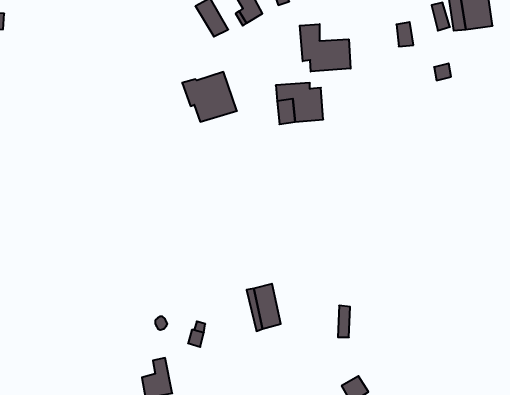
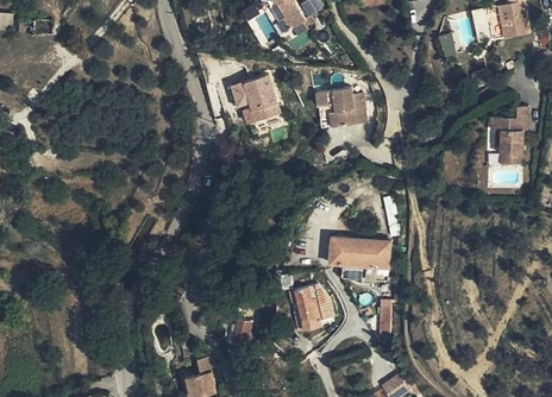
building: [300,24,351,72] -> none
building: none -> [493,106,528,163]
building: none -> [331,235,391,281]

